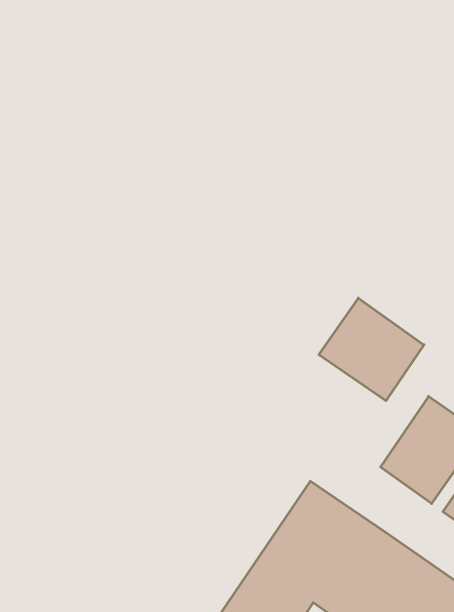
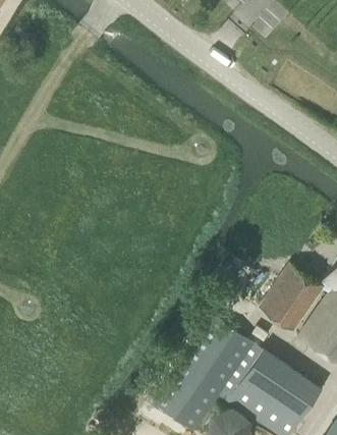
building: [319,298,424,401] -> none

